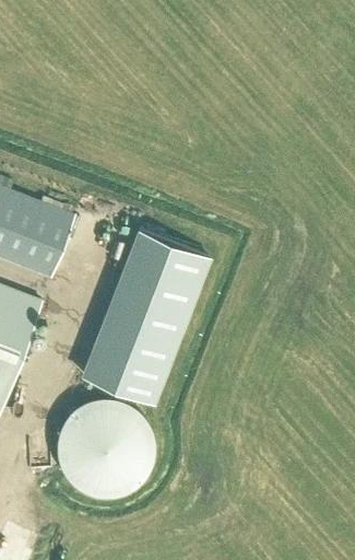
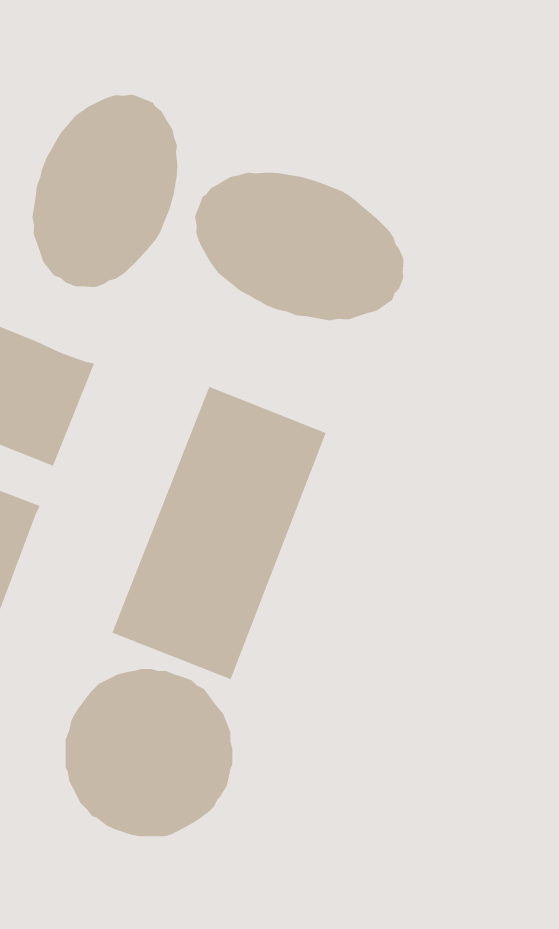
building: none -> [32,94,178,288]
building: none -> [194,172,404,321]

